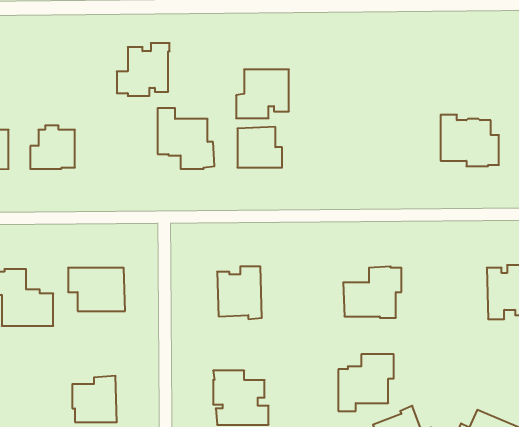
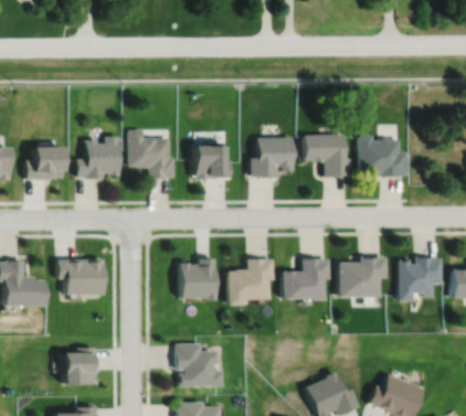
building: [117,43,170,96] -> [77,136,120,179]
building: [236,69,289,118] -> [252,137,295,177]
building: none -> [306,135,352,178]
building: none -> [338,257,385,298]
building: [338,354,394,411] -> [227,259,273,306]

